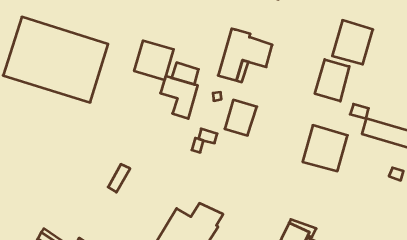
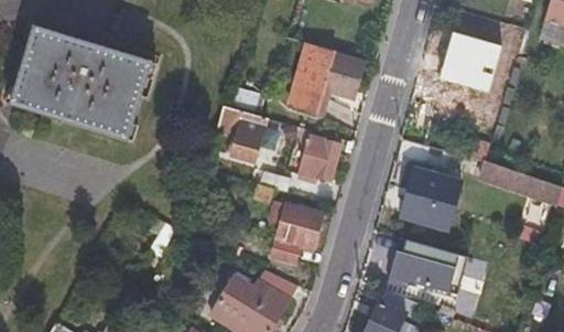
building: [134,41,174,80] -> none
building: [315,59,349,101] -> none
building: none -> [271,203,319,264]
building: none -> [387,238,464,296]

